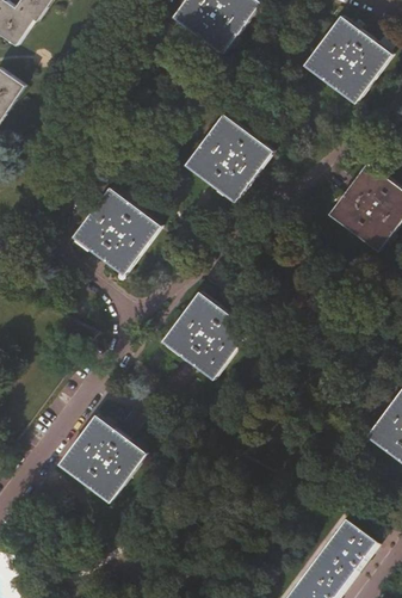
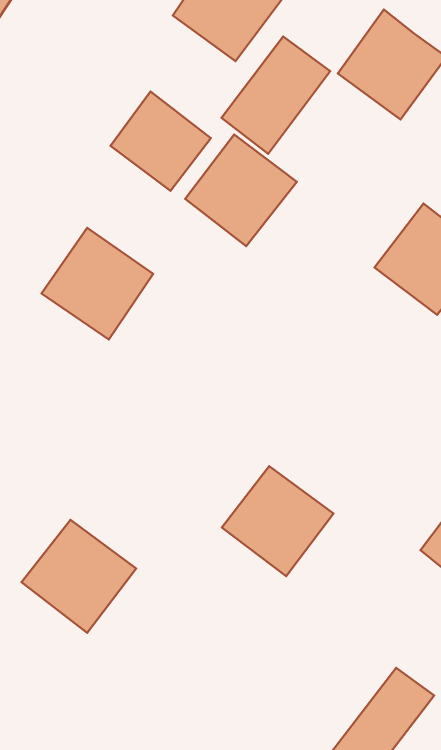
building: none -> [221,36,330,154]
building: none -> [111,92,211,191]
building: [163,292,251,378] -> [222,466,333,576]

